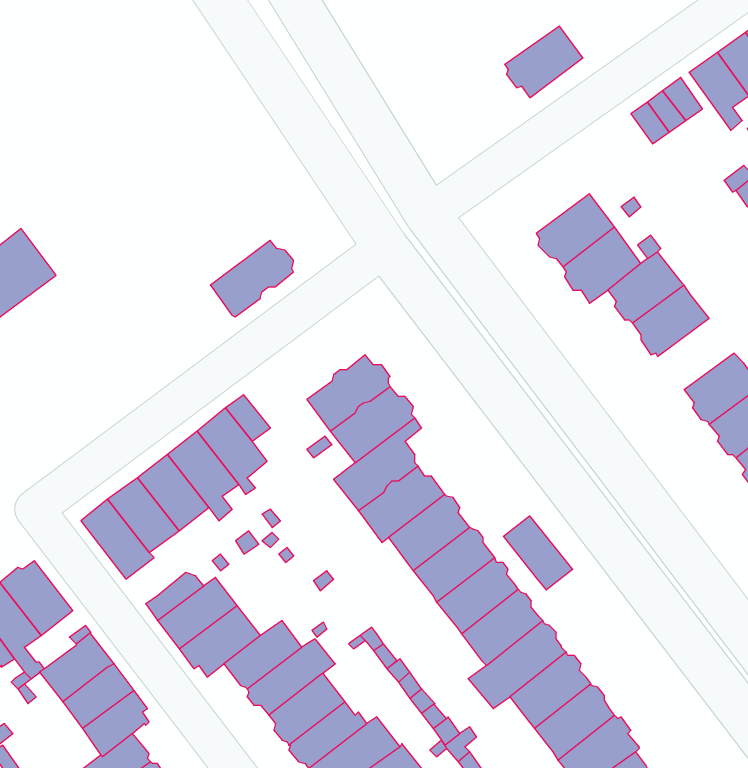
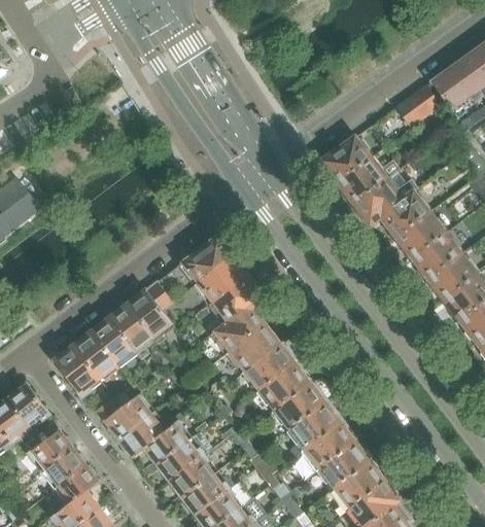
building: [505,26,583,98] -> [321,137,370,181]
building: [210,240,293,317] -> [179,237,231,284]
building: none -> [412,234,459,278]
building: [504,516,573,590] -> none

